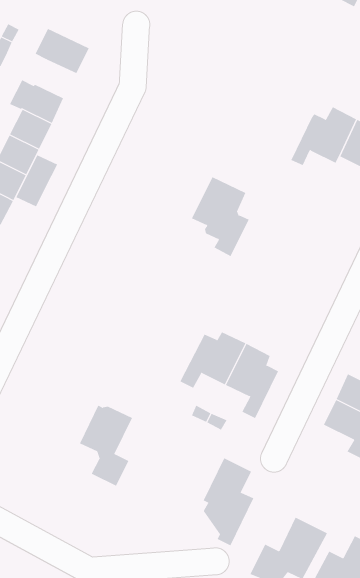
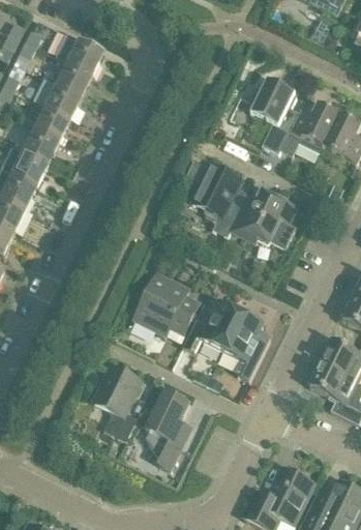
building: none -> [54,62,91,96]
building: none -> [249,79,299,154]
building: [15,154,58,207] -> none
building: none -> [231,192,297,248]
building: none -> [130,273,199,343]
building: [203,457,254,546] -> [146,391,191,470]

